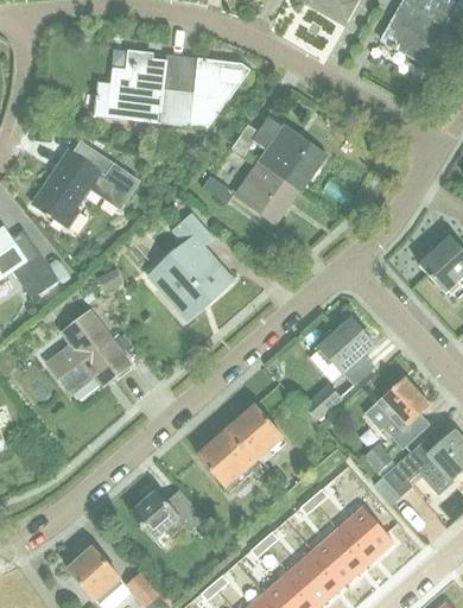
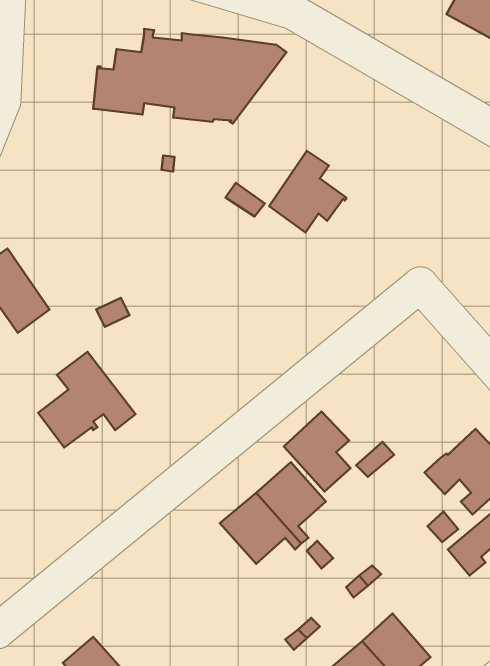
building: [231,119,318,188] -> none
building: [32,140,138,226] -> none
building: [161,211,229,314] -> none
building: [321,318,375,384] -> [284,412,351,492]
building: [131,490,202,538] -> none
building: [337,506,393,563] -> none

